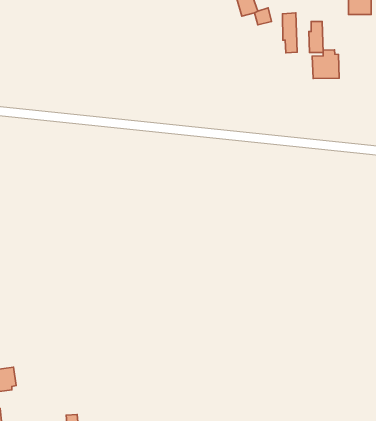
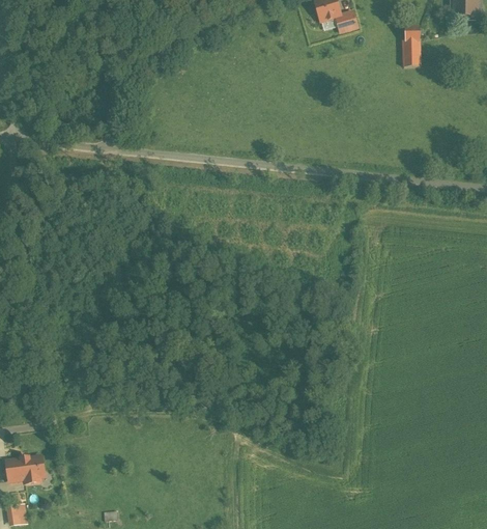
building: [282,13,297,53] -> none
building: [312,50,339,79] -> none

